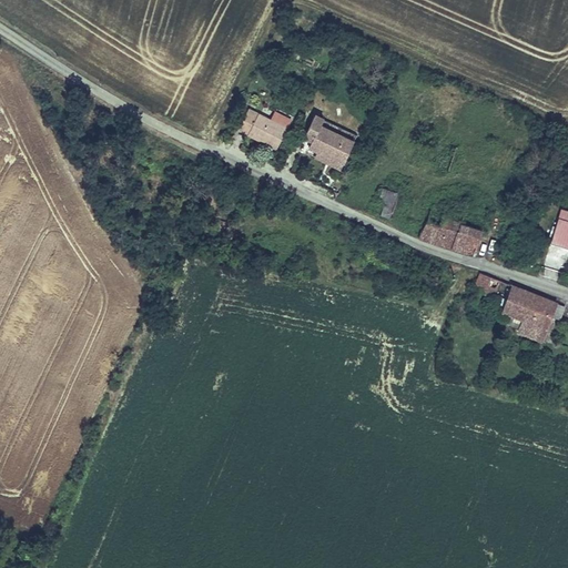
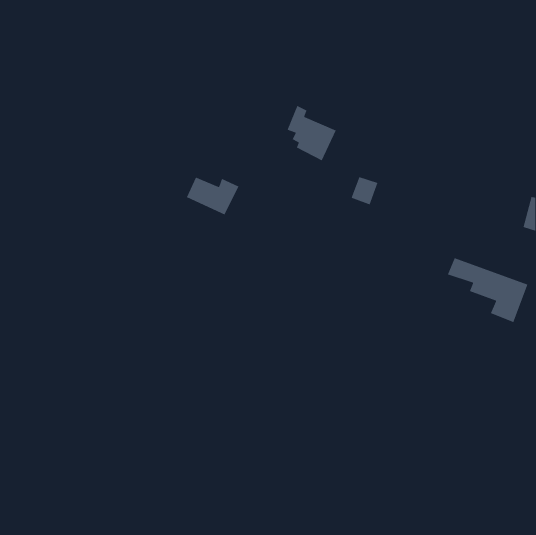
building: [237,109,294,150] -> [186,177,239,215]
building: [418,211,484,256] -> none

